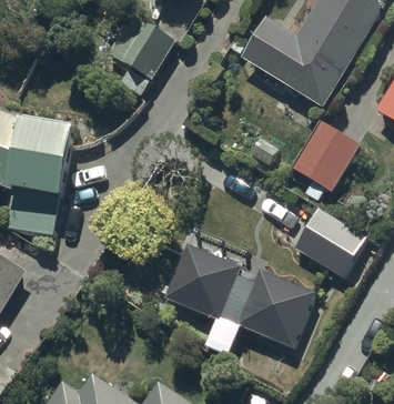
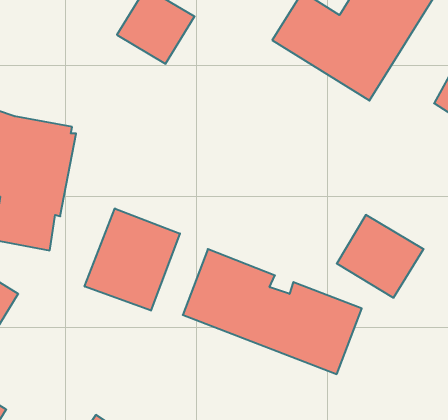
building: [293,120,361,199] -> none
building: none -> [85,208,180,311]

